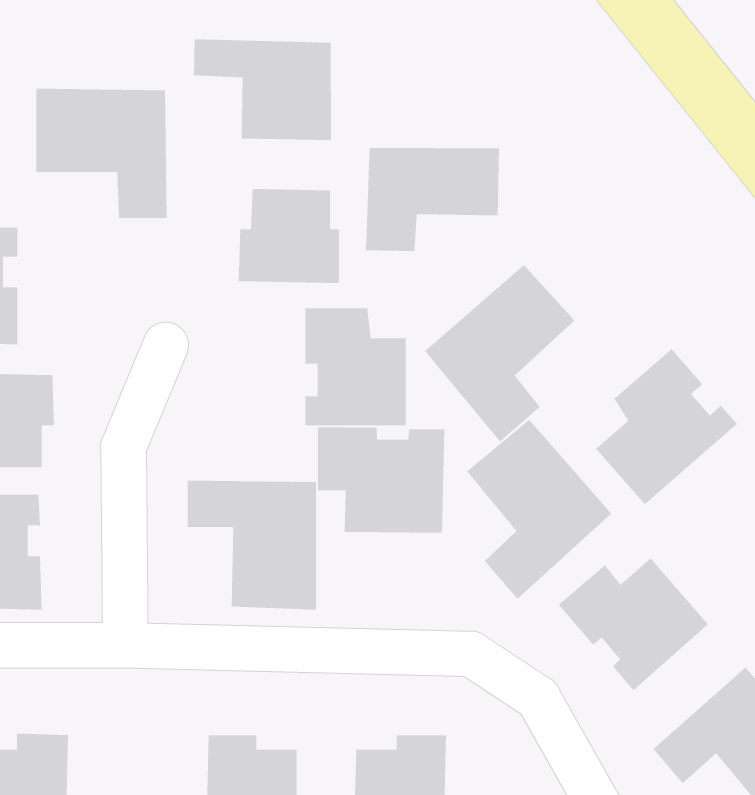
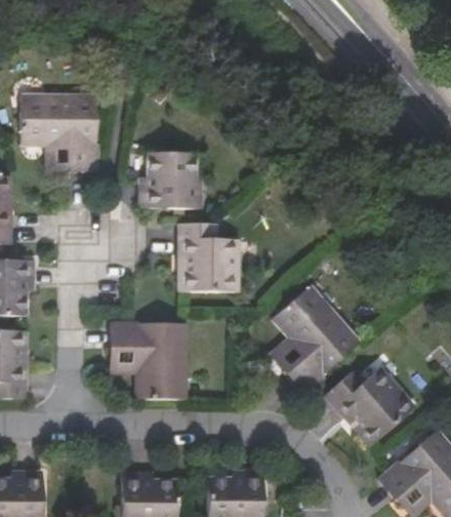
building: [193,39,331,141] -> none
building: [365,147,499,252] -> none
building: [424,264,575,442] -> none
building: [595,348,738,505] -> none
building: [317,426,445,534] -> none

